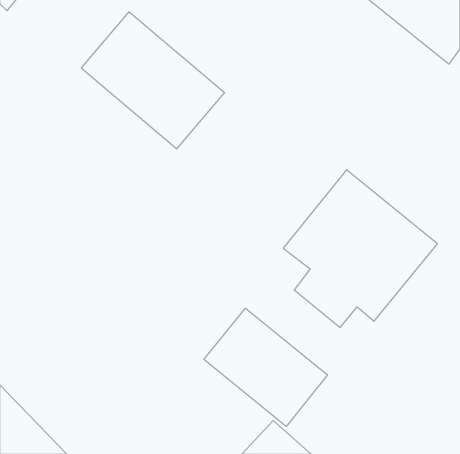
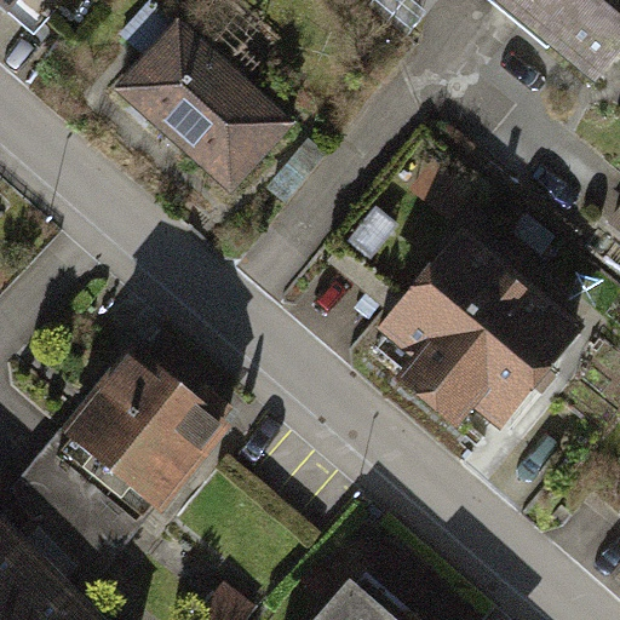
building: none -> [13,333,220,552]
building: [204,308,328,426] -> none

